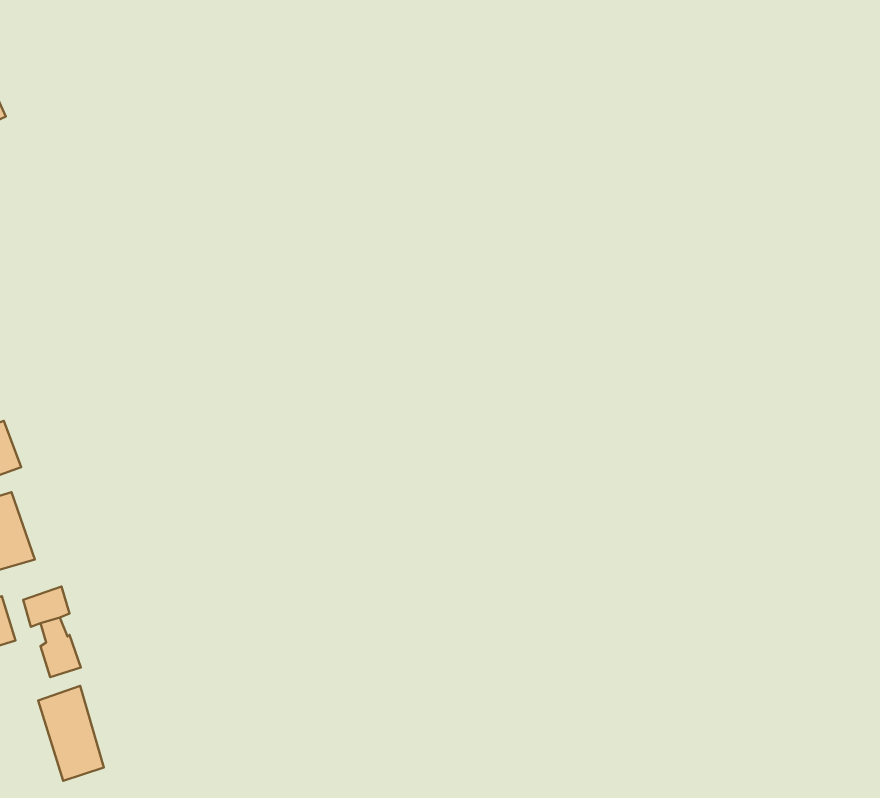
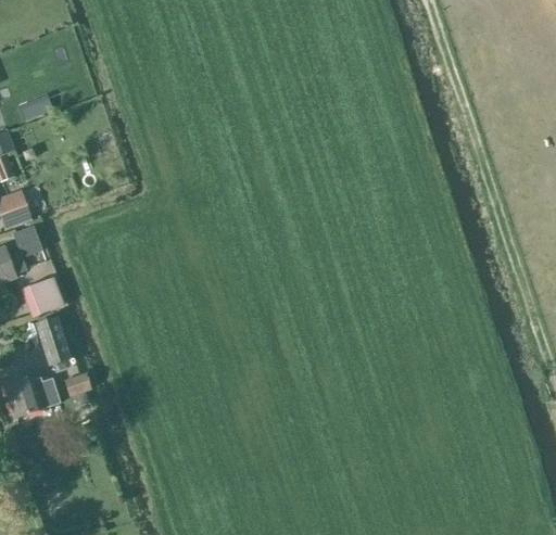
building: [38,686,104,781] -> none

